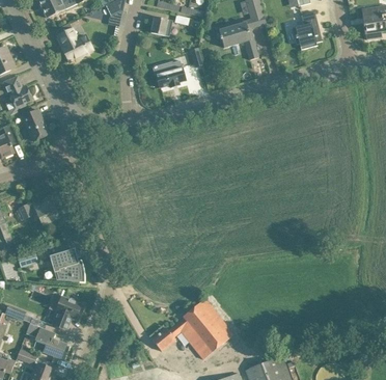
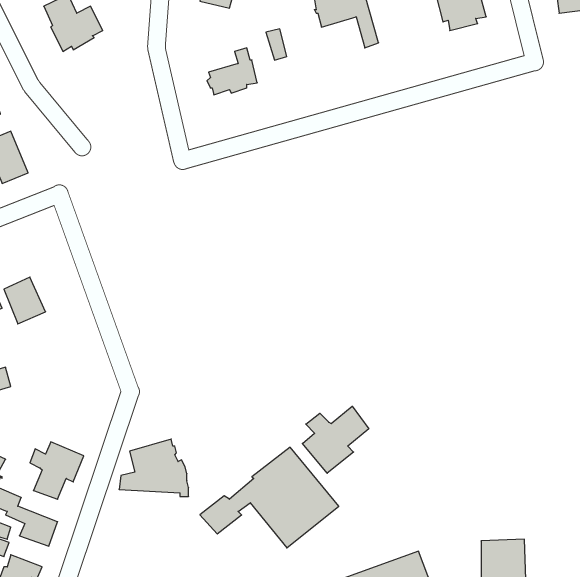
building: [43,247,84,281] -> [119,439,189,496]
building: none -> [302,406,369,473]

